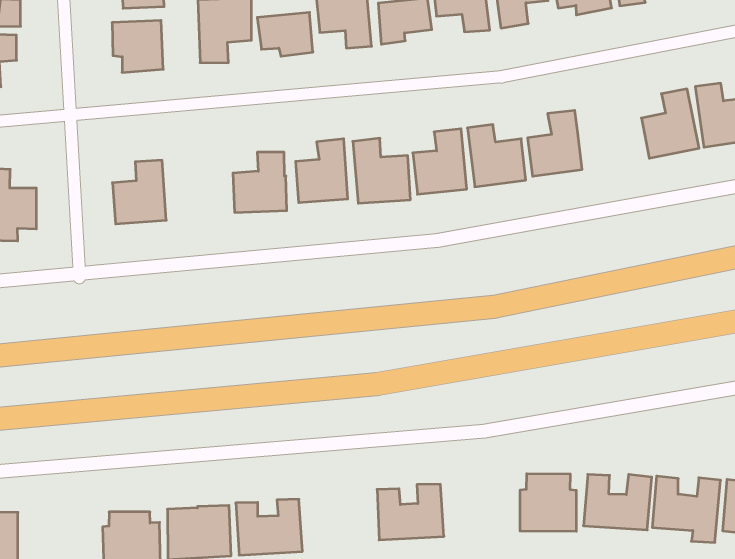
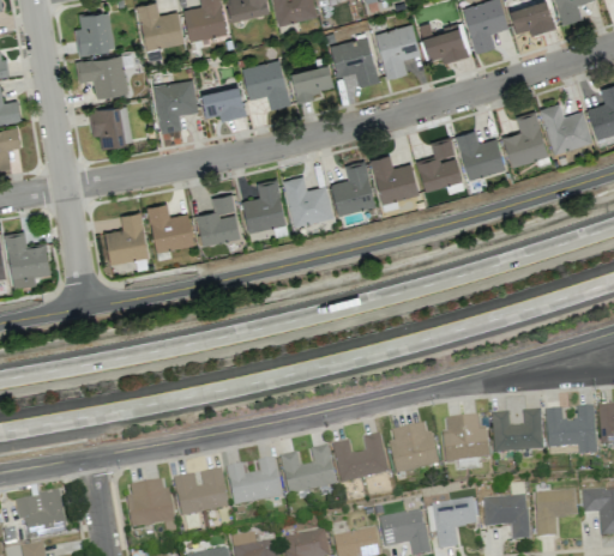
building: none -> [457,132,506,180]
building: none -> [149,204,194,253]
building: none -> [389,424,439,475]
building: none -> [281,447,336,495]

